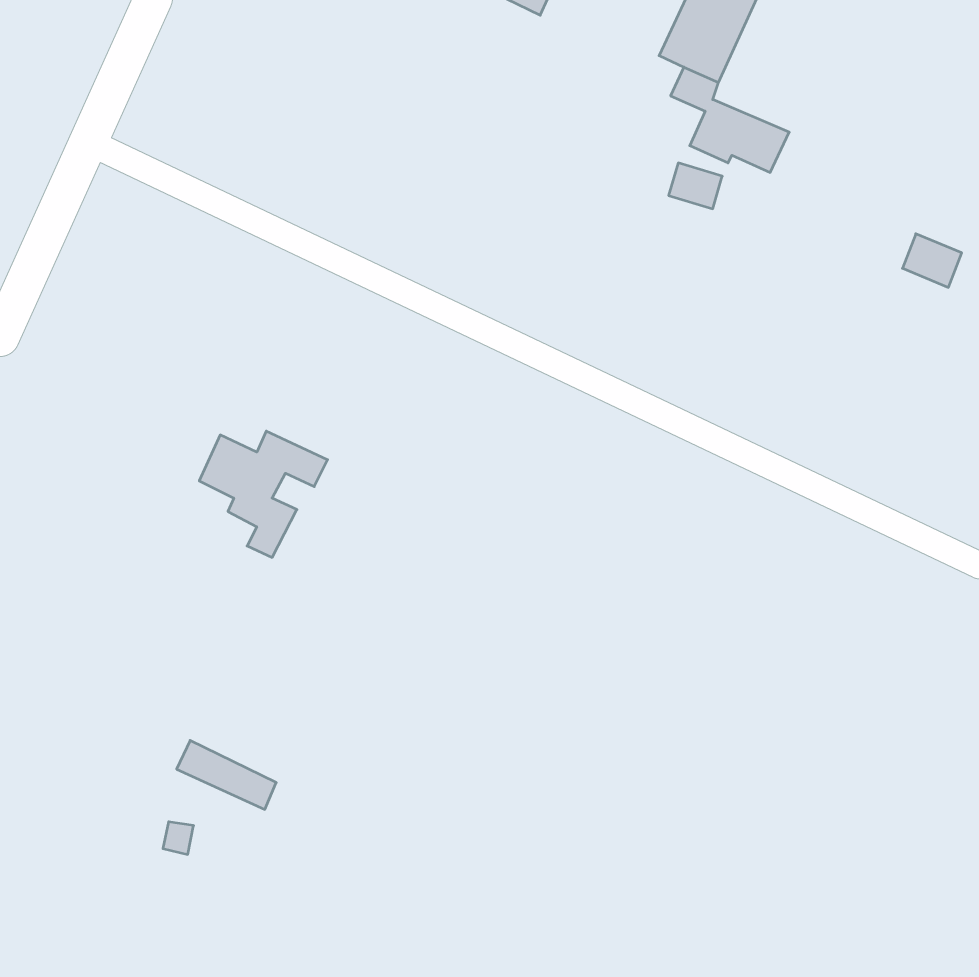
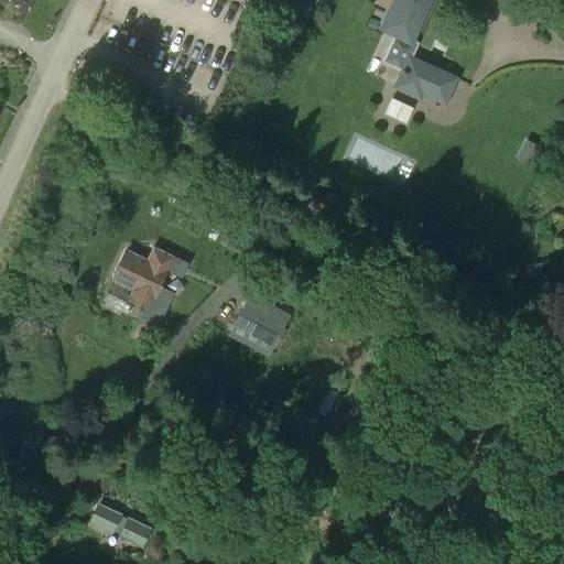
building: none -> [236,302,283,352]
building: [177,740,276,809] -> [90,503,148,543]

